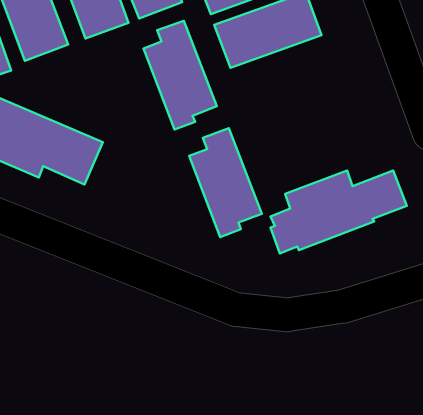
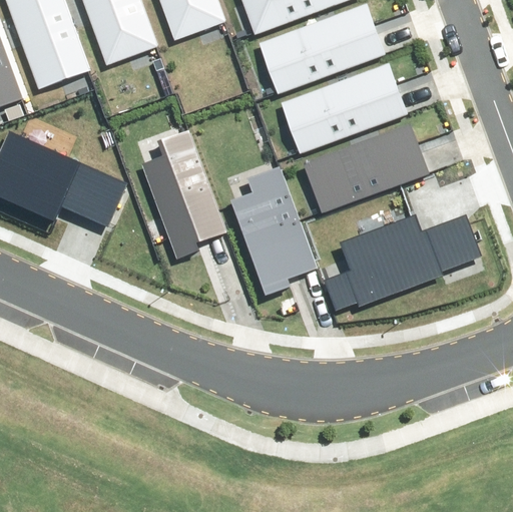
building: [143,21,217,130] -> [139,131,224,258]
building: none -> [280,62,404,151]
building: none -> [305,125,429,213]

